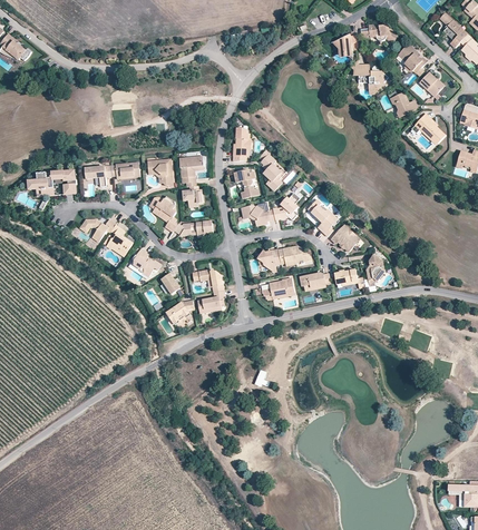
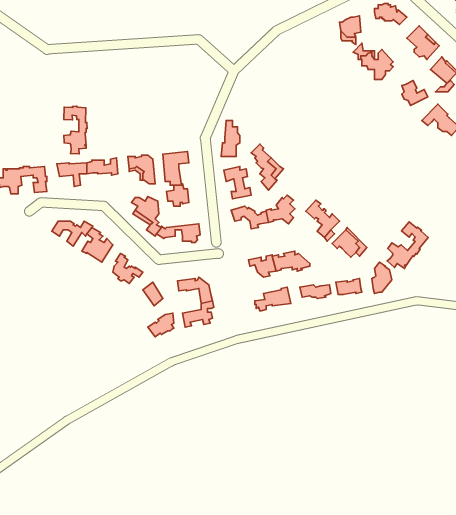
building: none -> [64,106,87,154]
building: none -> [387,222,428,268]

